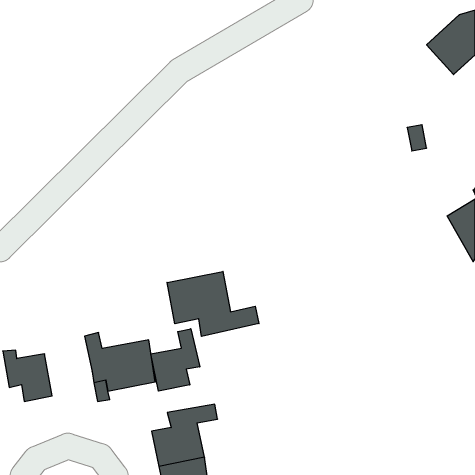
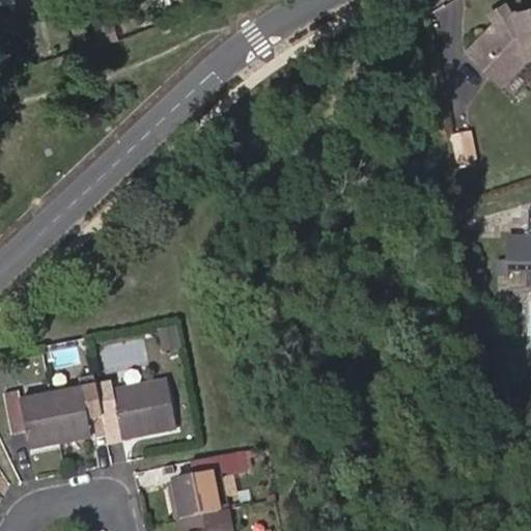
building: [167,271,259,336] -> none
building: [151,329,200,391] -> none
building: none -> [50,375,103,442]

